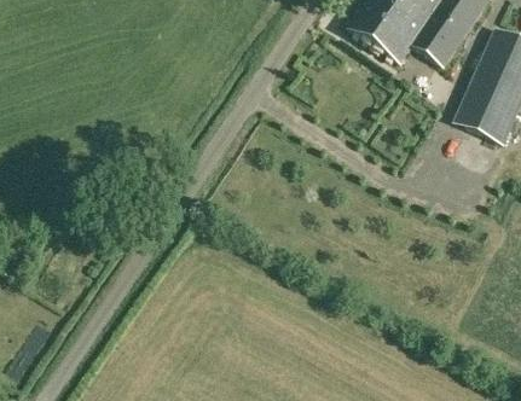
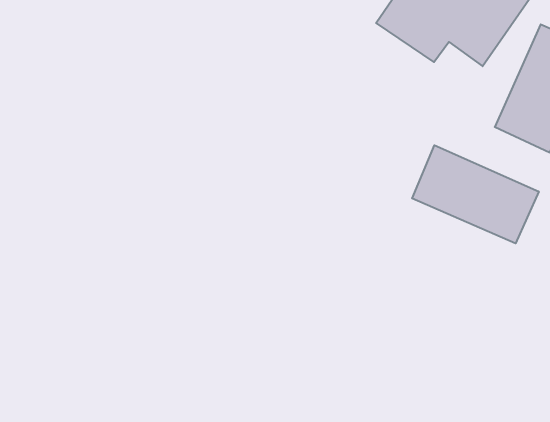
building: none -> [412,145,539,243]

